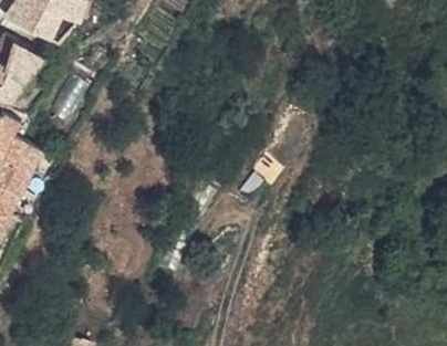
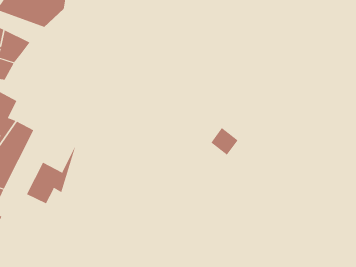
building: none -> [26,141,78,204]

